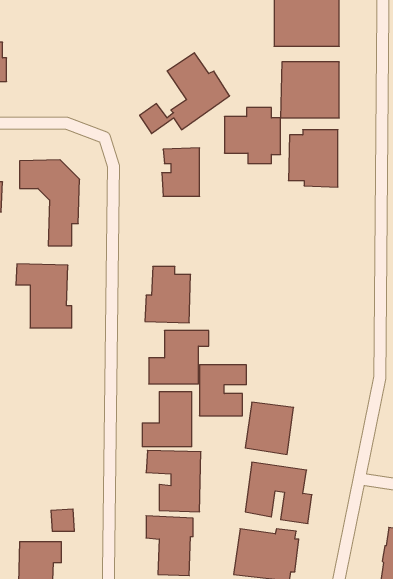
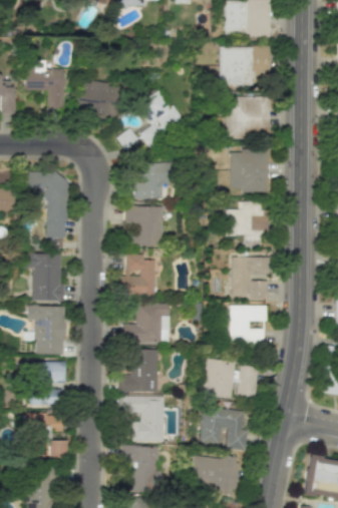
building: none -> [25,58,65,109]
building: none -> [74,80,127,123]
building: [224,108,281,164] -> [226,201,269,244]
building: none -> [125,205,163,245]
building: none -> [232,257,271,300]
building: none -> [28,305,66,356]
building: [199,365,246,416] -> [231,306,267,345]
building: none -> [31,362,67,405]
building: none -> [233,365,258,399]
building: none -> [32,414,64,432]

